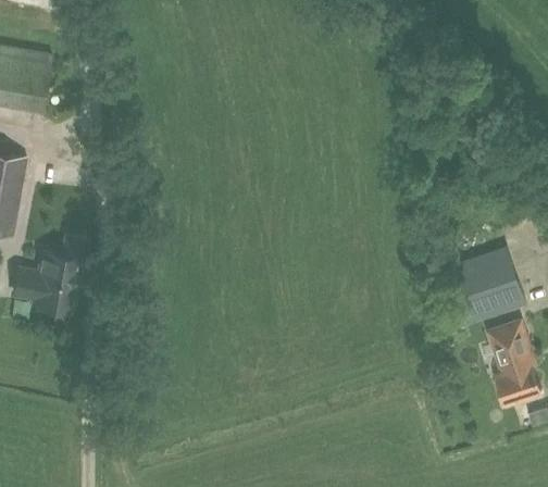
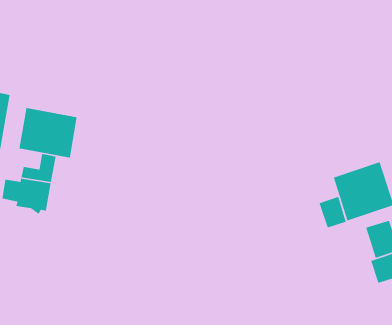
building: none -> [19,107,78,158]
building: none -> [319,196,347,229]

